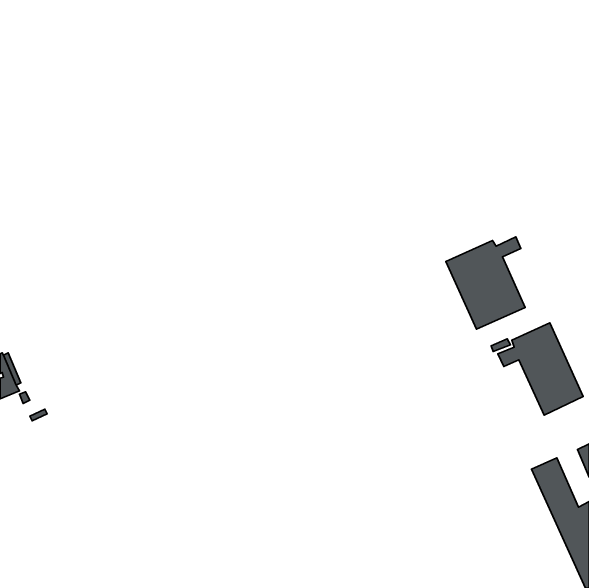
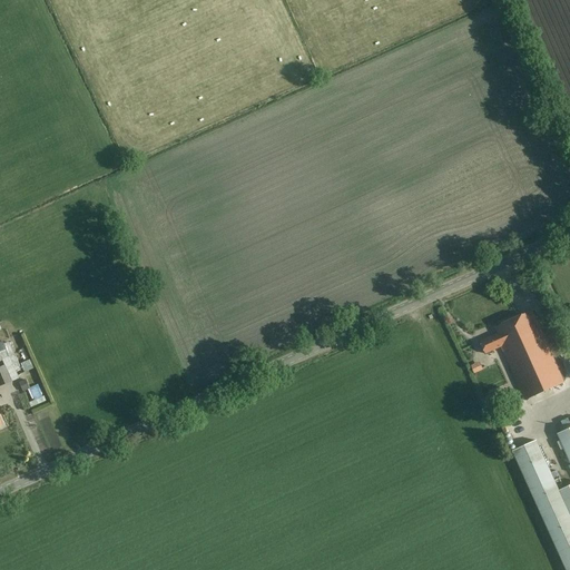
building: [446,237,525,329] -> none

